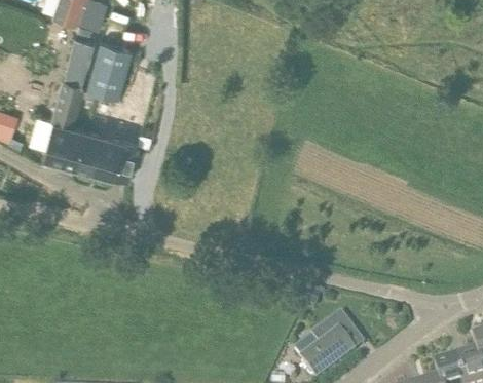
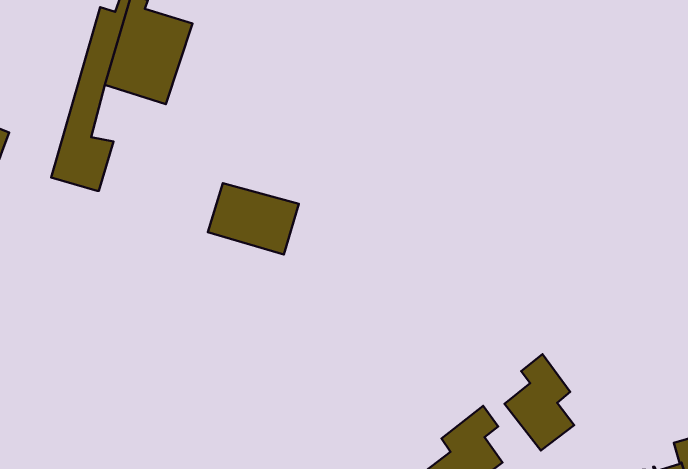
building: [75,129,138,179] -> [208,183,299,255]
building: none -> [505,354,574,451]

